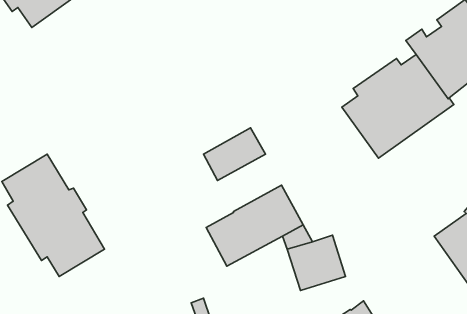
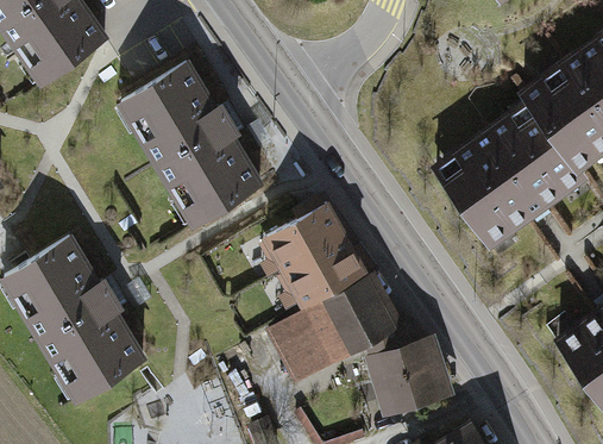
building: none -> [131,63,262,219]
building: none -> [287,238,365,305]

